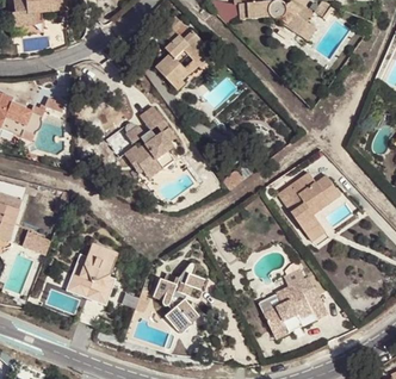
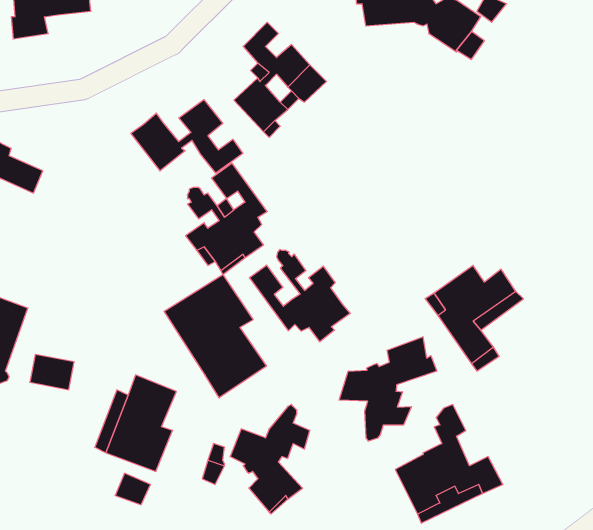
building: none -> [131,100,243,173]
building: none -> [250,249,350,342]
building: none -> [164,275,267,398]
building: none -> [339,337,437,441]

